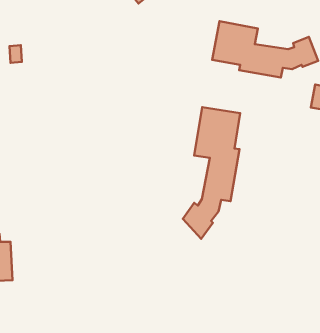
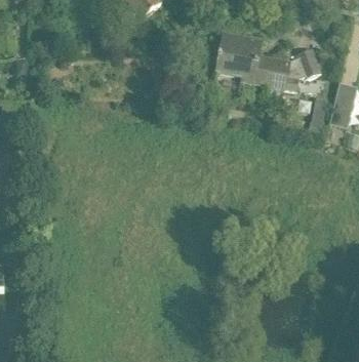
building: [183,107,240,239] -> none

